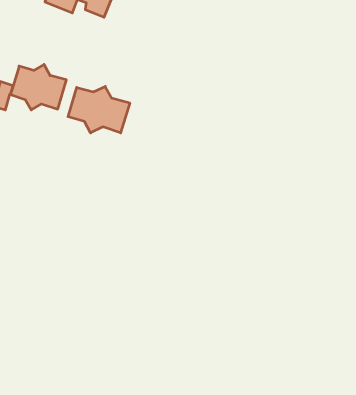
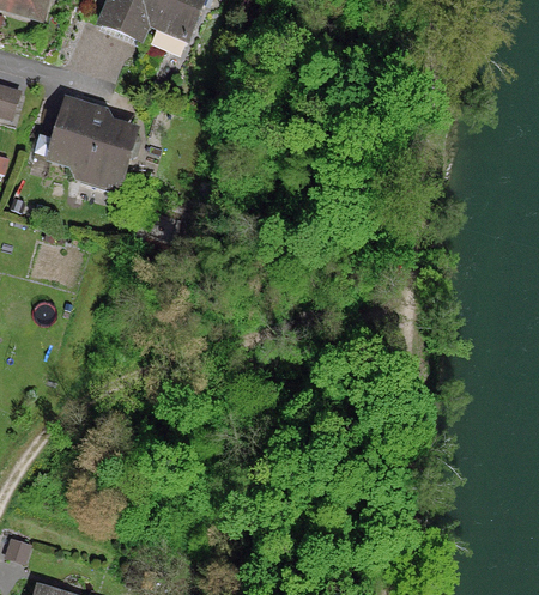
building: [68,86,130,133] -> none

